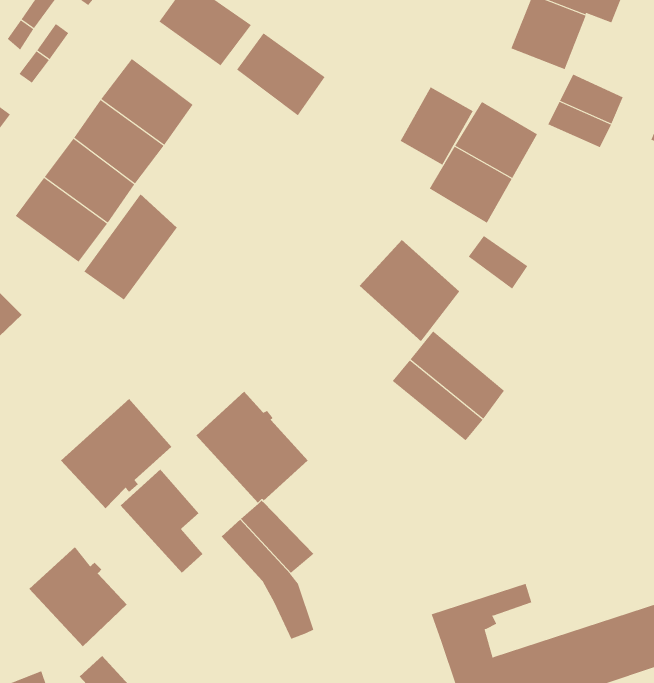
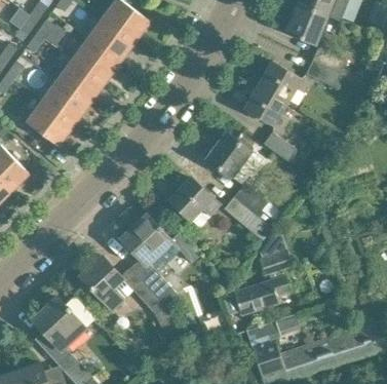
building: [236,33,326,116] -> [86,18,133,63]
building: [400,87,474,165] -> none
building: [84,193,177,301] -> none
building: none -> [168,177,218,226]
building: [60,398,172,509] -> none
building: none -> [223,233,293,314]

